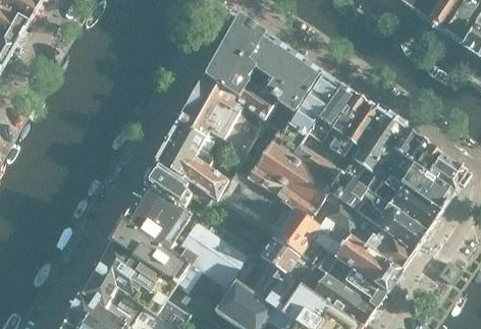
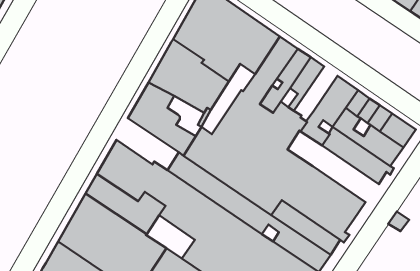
building: [335,103,382,156] -> none
building: [144,159,211,215] -> none
building: [328,172,430,250] -> none

